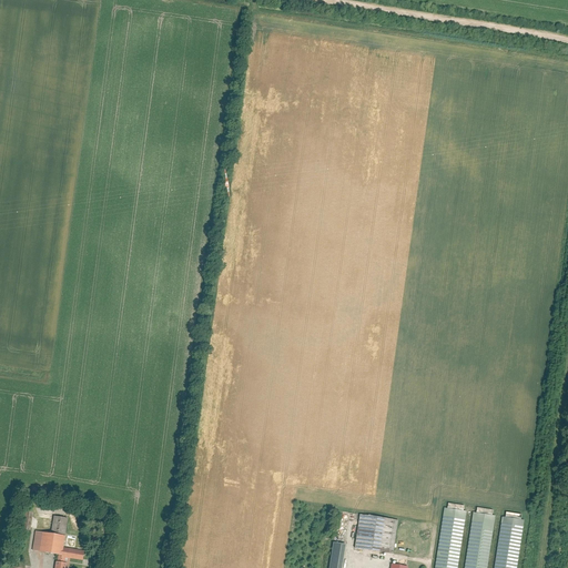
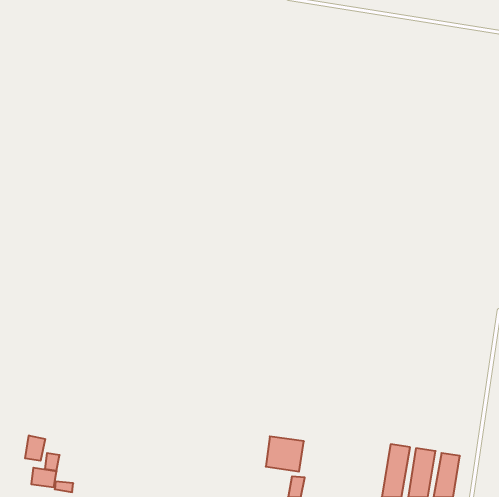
building: none -> [25,435,45,461]
building: [354,514,397,554] -> [266,436,304,472]

